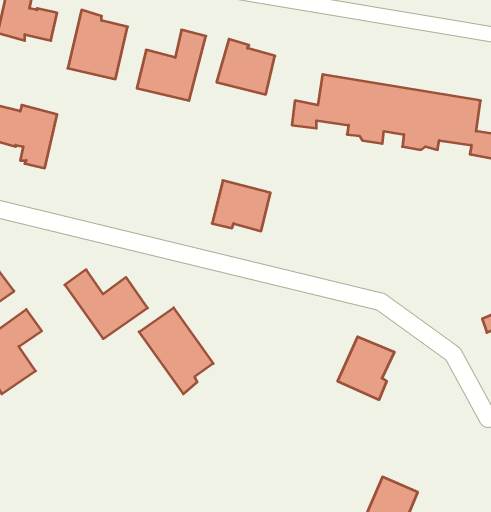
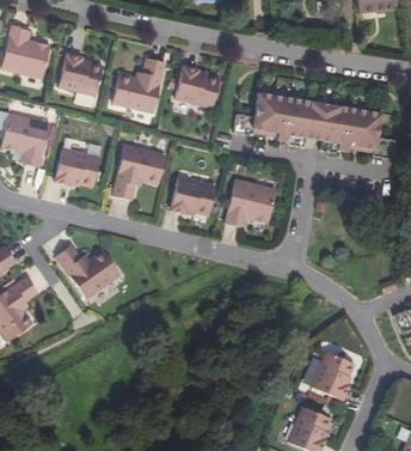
building: none -> [112,144,165,199]
building: none -> [54,147,99,187]
building: none -> [225,177,275,225]
building: [139,308,213,394] -> none
building: [338,337,394,400] -> [309,351,354,400]

